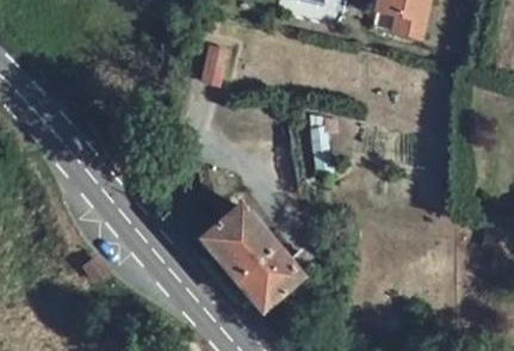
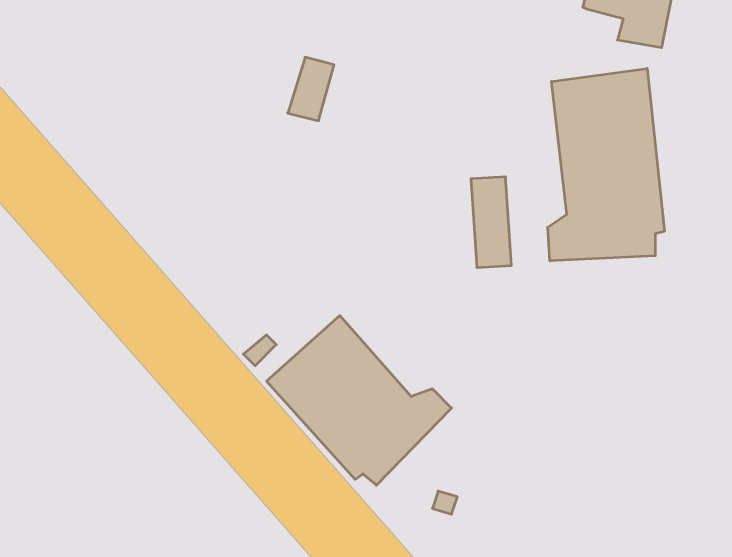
building: none -> [548,68,664,261]

